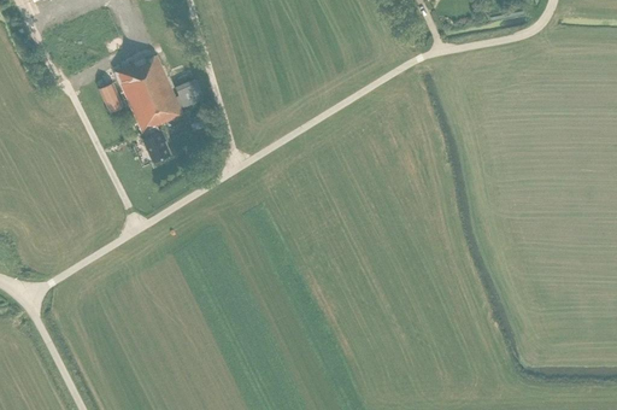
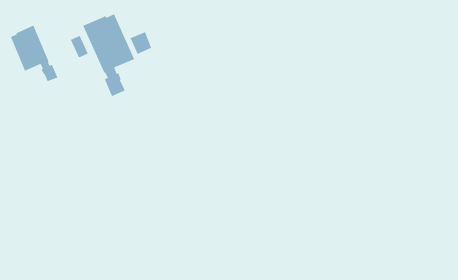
building: none -> [10,25,59,82]

